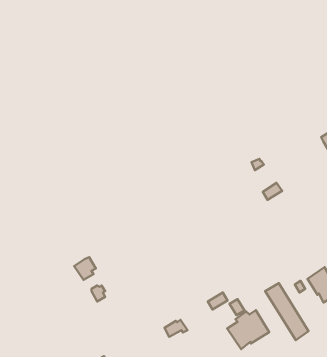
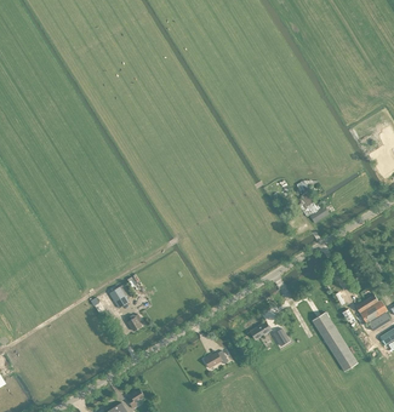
building: [227,310,269,349] -> none

